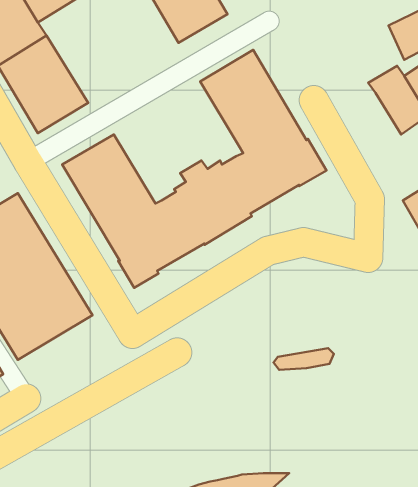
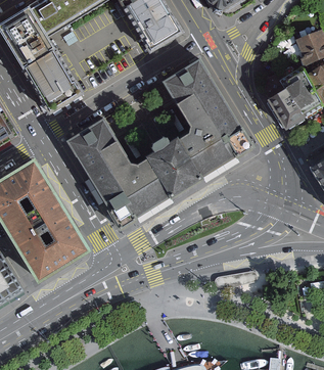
building: none -> [271,88,306,128]

